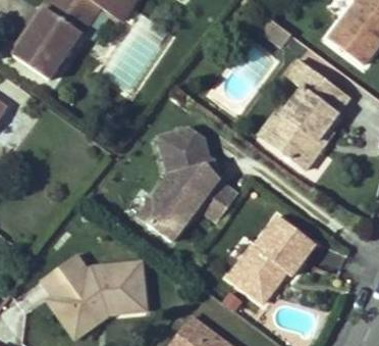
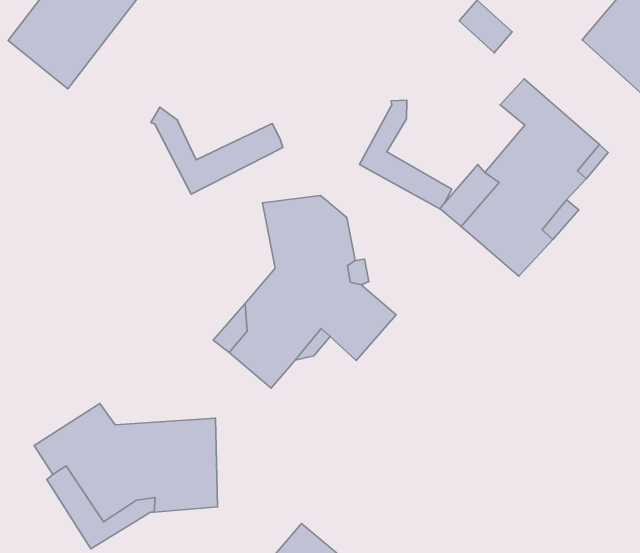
building: none -> [359,100,452,209]
building: none -> [151,107,283,194]
building: [227,215,314,304] -> none

